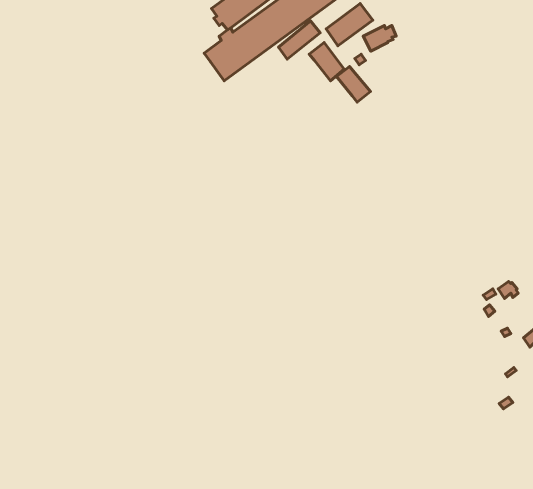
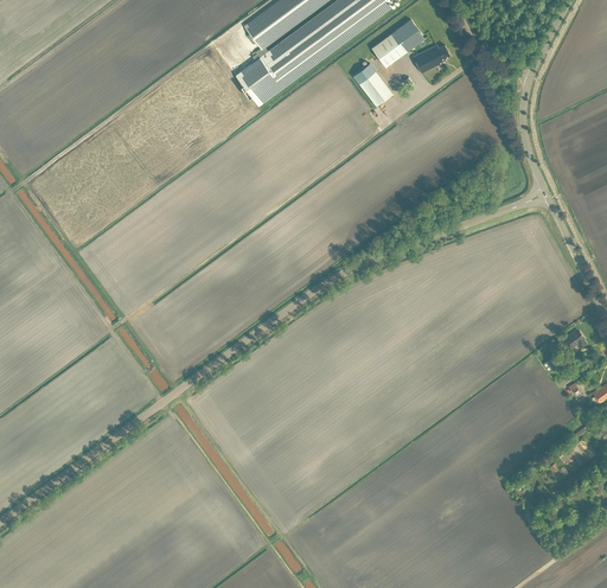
building: [279,21,320,59] -> none
building: [337,67,371,102] -> none

